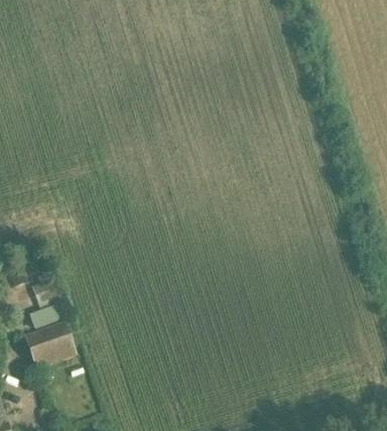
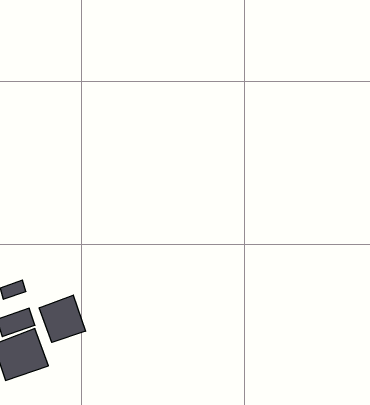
building: none -> [39,295,86,342]

